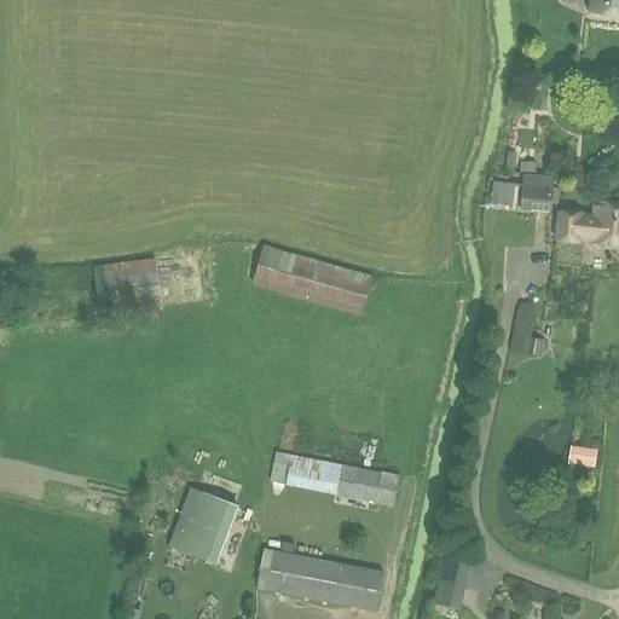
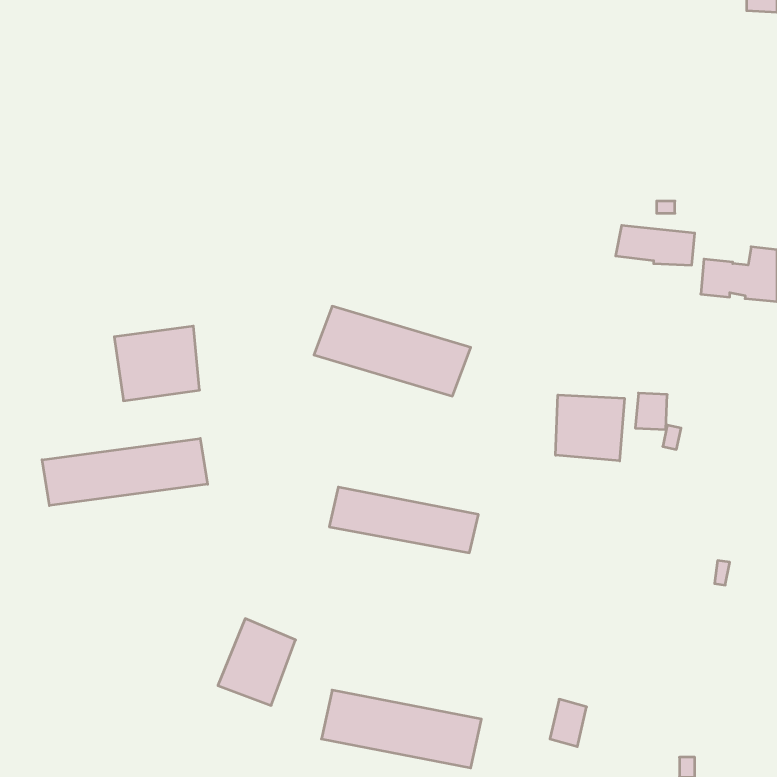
building: none -> [556,395,624,461]
building: none -> [42,438,208,506]
building: [279,452,398,504] -> [329,487,478,553]

